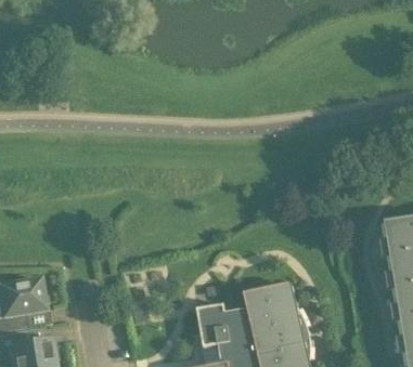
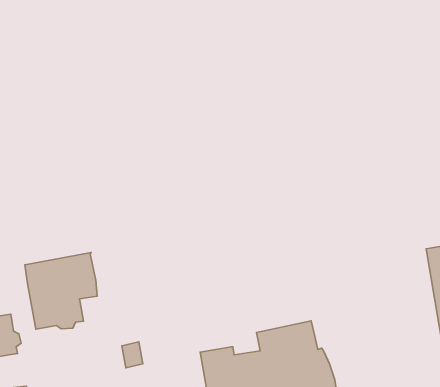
building: none -> [25,252,97,329]

